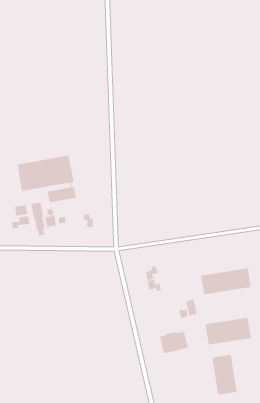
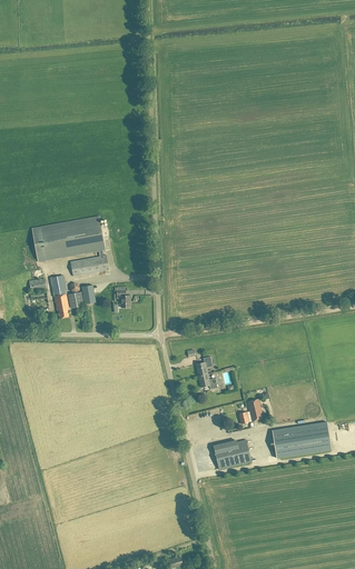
building: [201,268,251,295] -> none
building: [212,354,237,395] -> none

